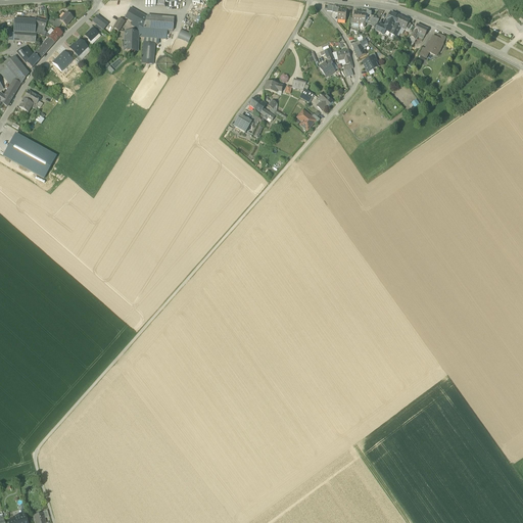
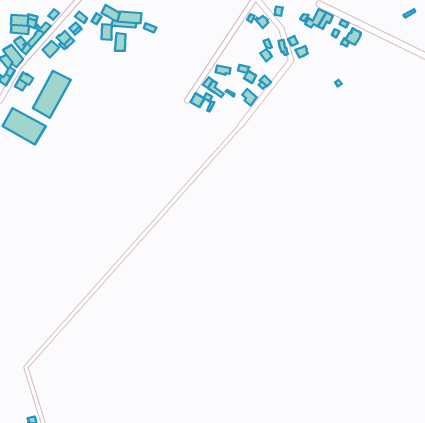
building: none -> [33,71,71,118]

